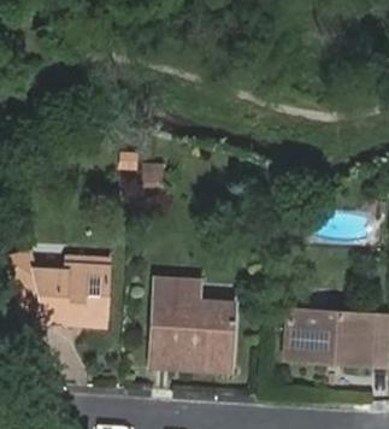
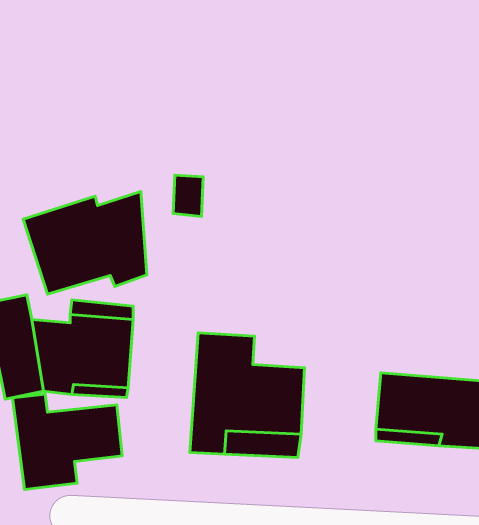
building: none -> [23,191,147,294]
building: none -> [13,394,122,489]

